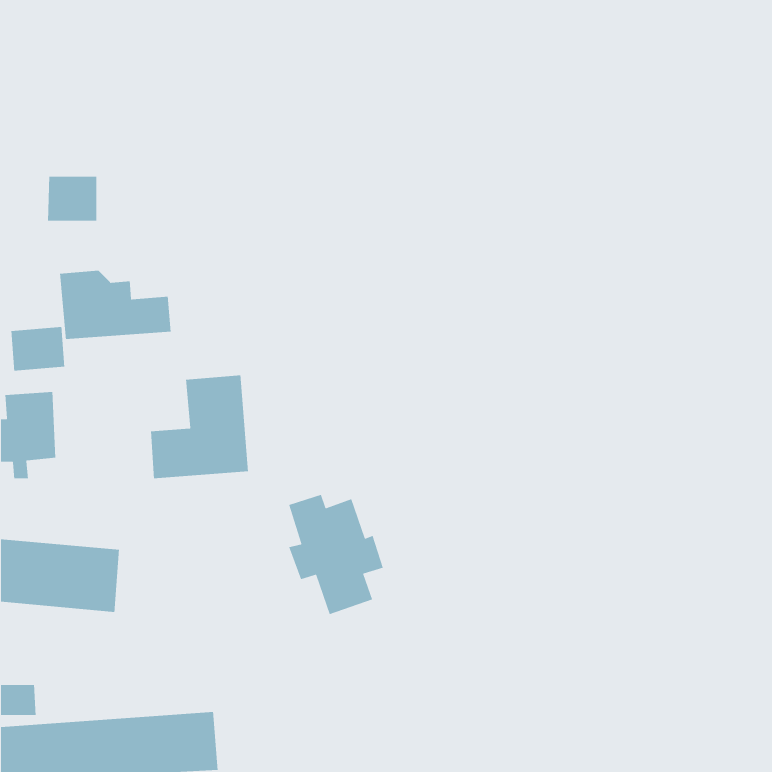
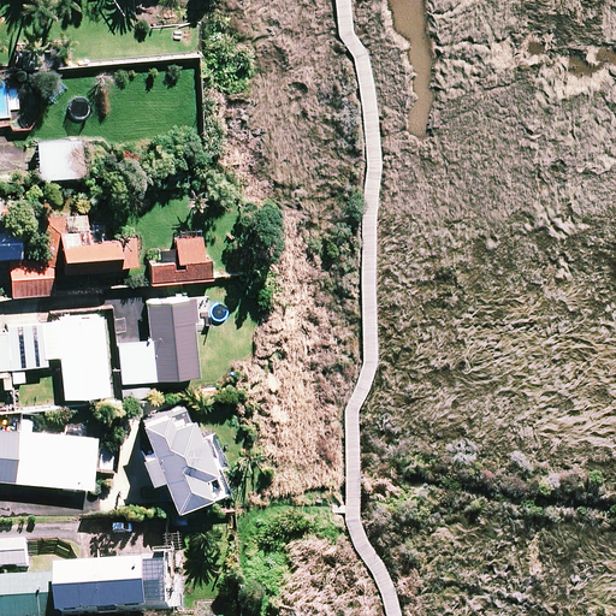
building: none -> [148,239,212,283]
building: none -> [58,318,111,398]
building: [288,494,384,615] -> [142,410,218,507]

